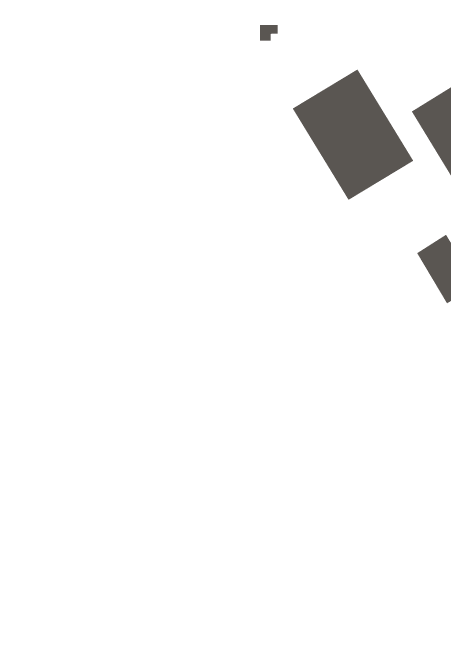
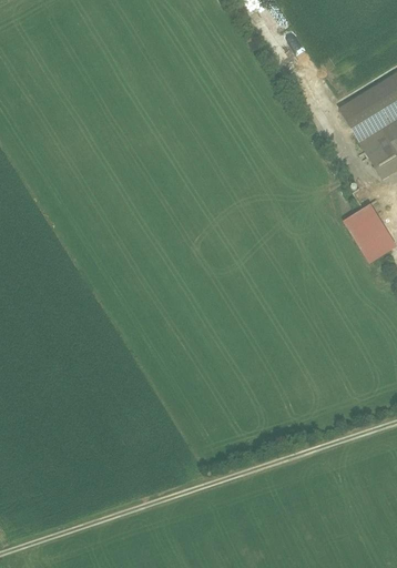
building: [292,69,414,201] -> none

